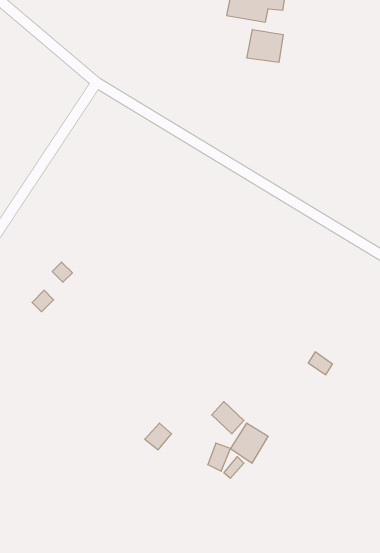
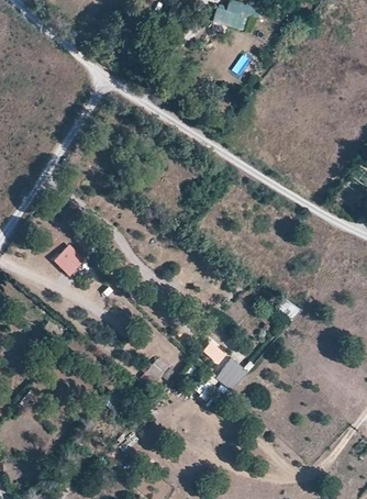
building: [247,29,283,62] -> none

